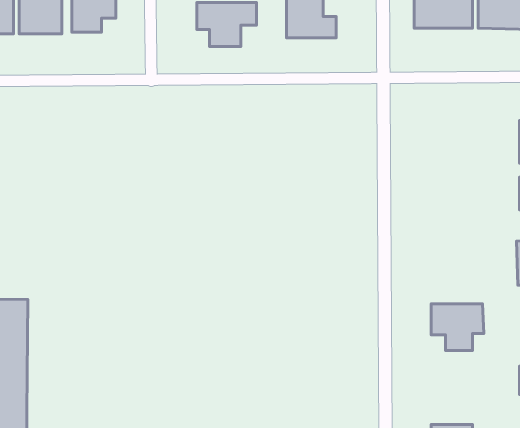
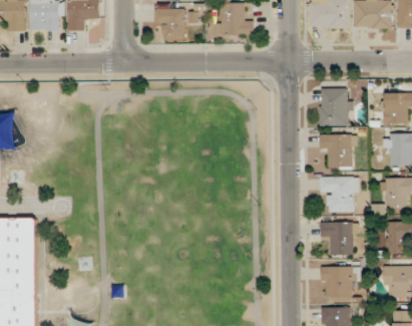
building: none -> [320,88,351,125]
building: none -> [320,134,354,167]
building: none -> [320,176,359,212]
building: none -> [322,266,359,297]

